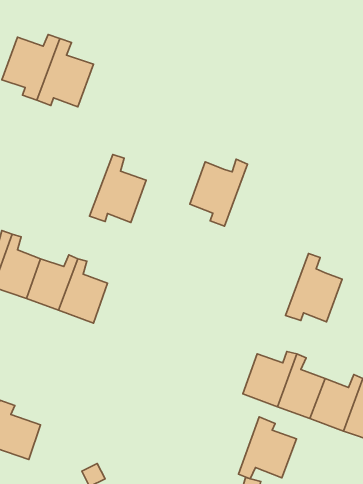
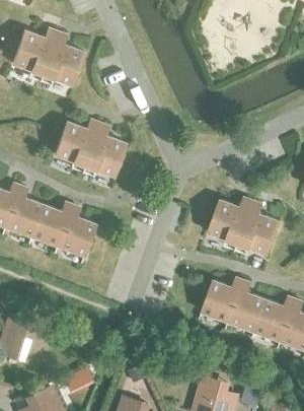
building: none -> [53,120,98,172]
building: [190,159,248,226] -> [207,197,252,250]
building: [238,417,297,479] -> none

